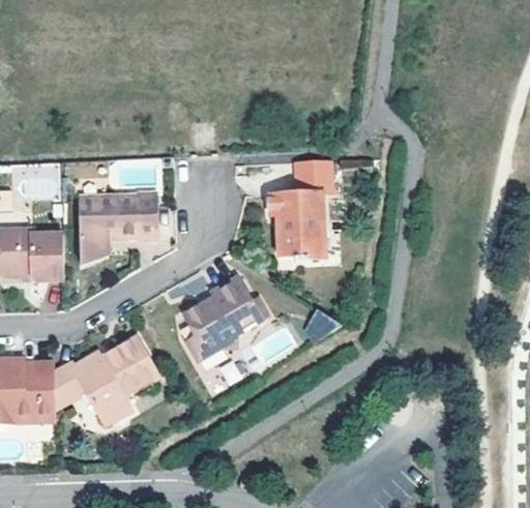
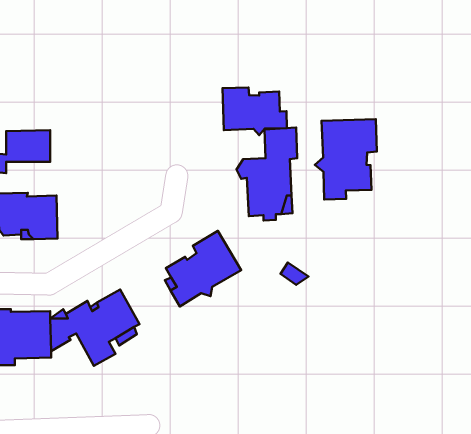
building: none -> [223,87,287,135]
building: none -> [315,119,377,200]
building: [80,193,157,263] -> none

